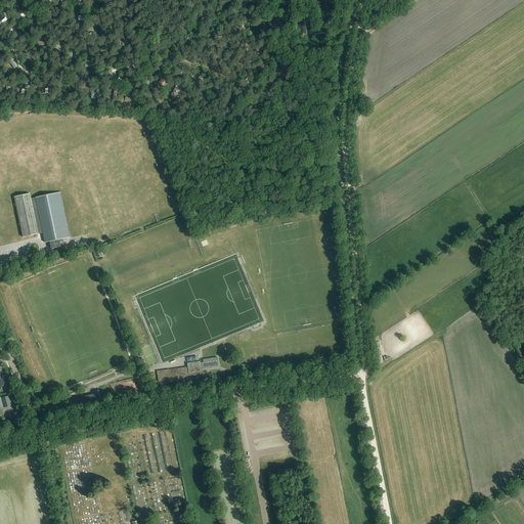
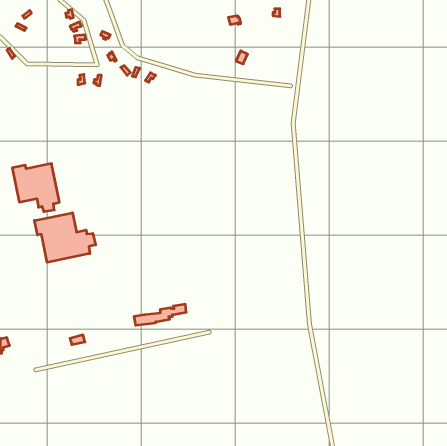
building: none -> [34,213,96,262]

